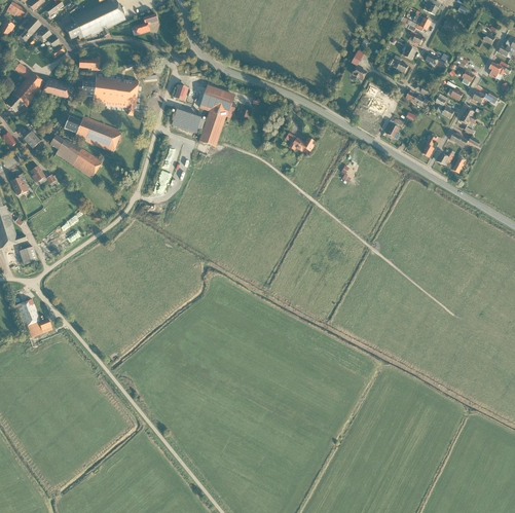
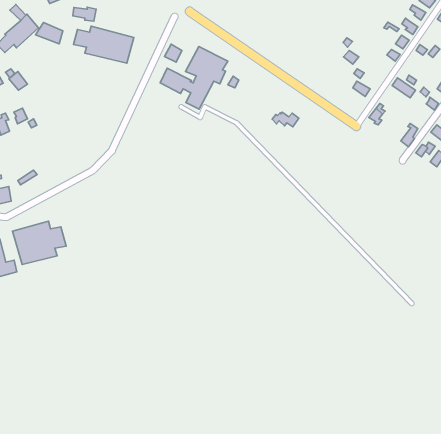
building: [64,115,122,153] -> none
building: [49,135,102,177] -> none
building: none -> [13,221,66,264]

